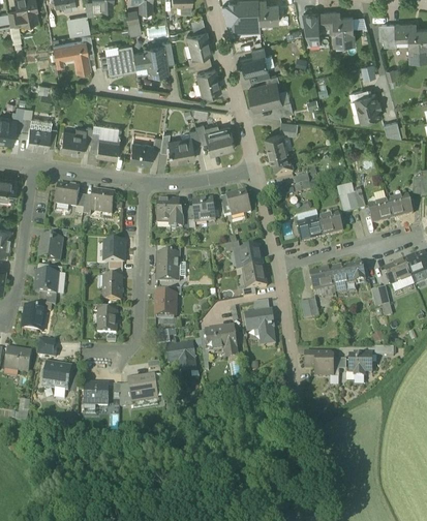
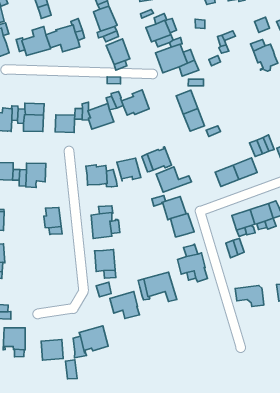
building: none -> [156,167,192,192]
building: [101,277,122,301] -> none
building: [96,311,116,333] -> none

